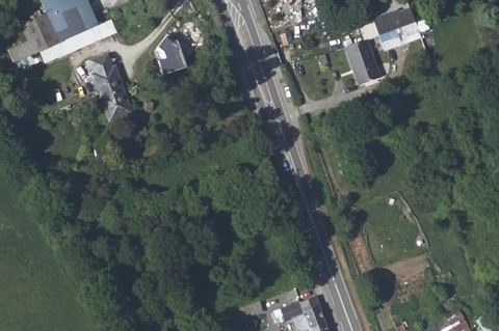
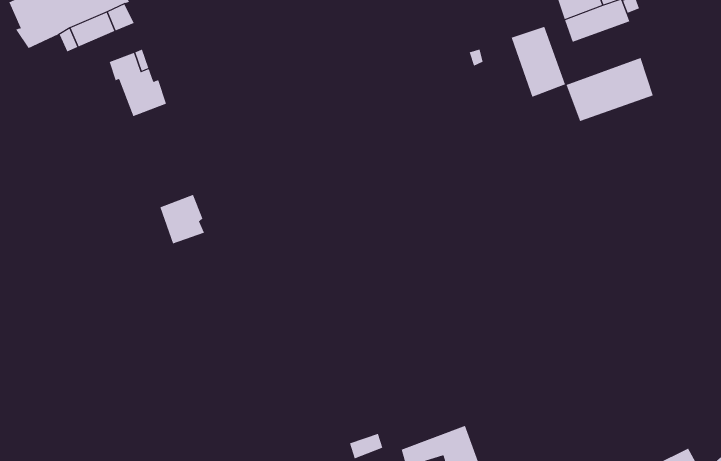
building: [157,34,185,75] -> none
building: none -> [566,57,653,122]
building: [101,89,130,121] -> [160,194,205,244]

